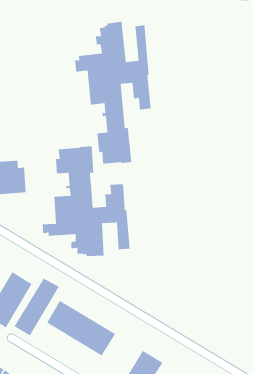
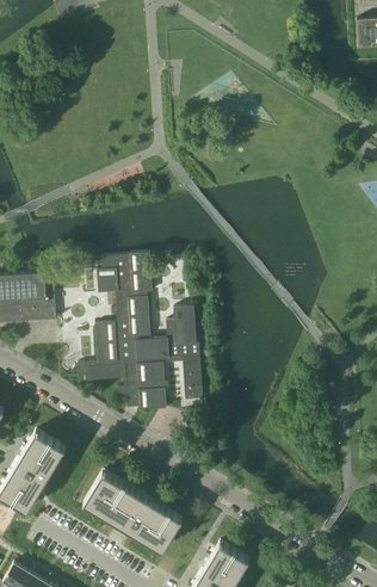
building: [74,21,151,164] -> none
building: [13,277,60,336] -> none

